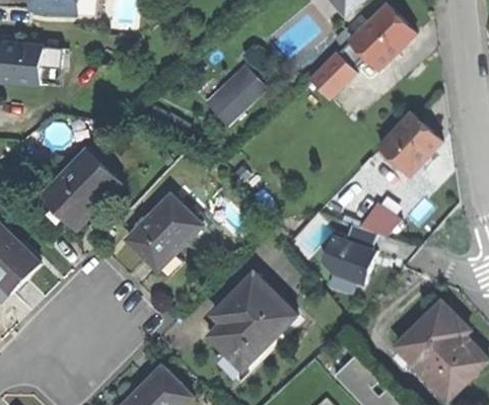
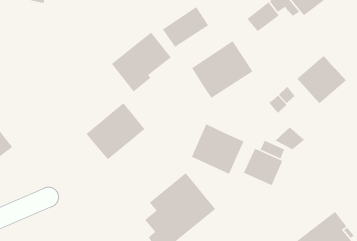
building: none -> [191,40,254,99]
building: [43,152,117,229] -> [111,32,172,93]
building: none -> [191,123,244,175]

